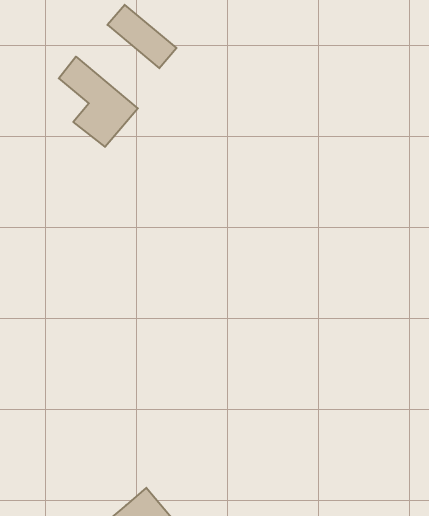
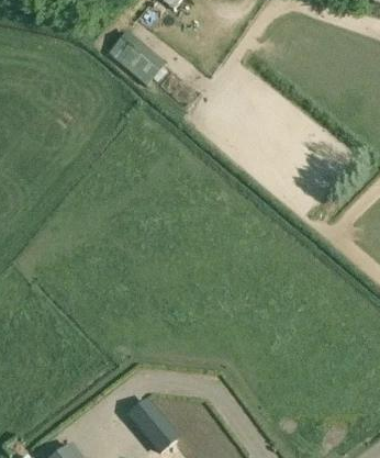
building: [59,57,138,147] -> none

